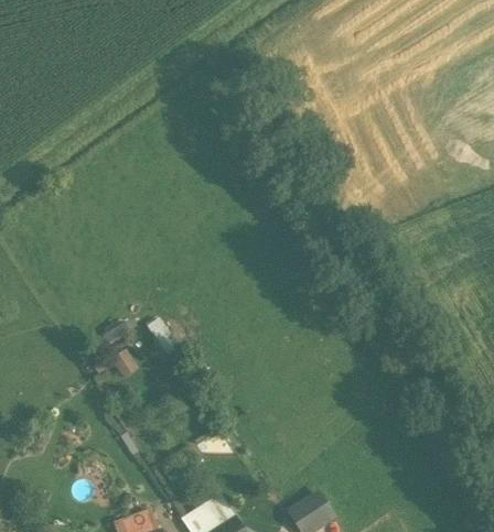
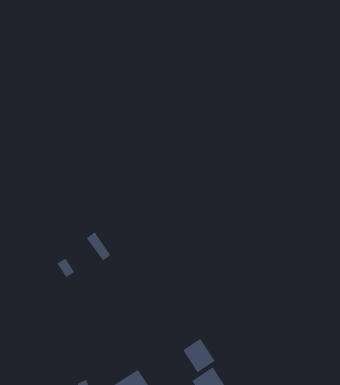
building: none -> [182,338,215,373]

